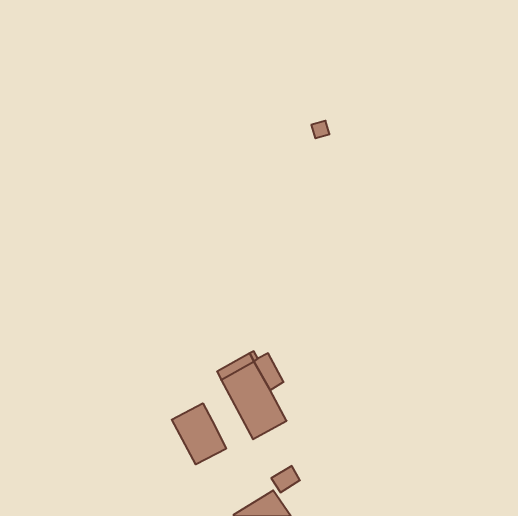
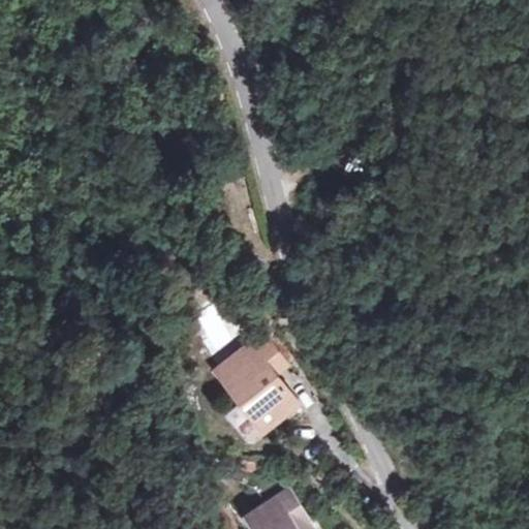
building: [172,403,226,464] -> none

